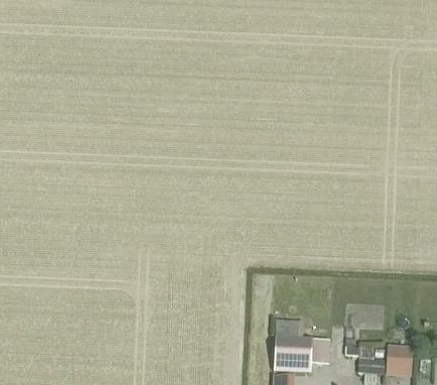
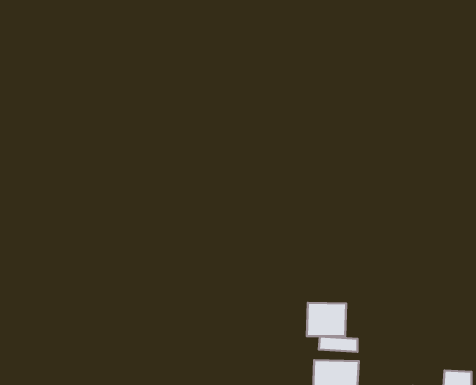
building: none -> [307,303,346,336]

